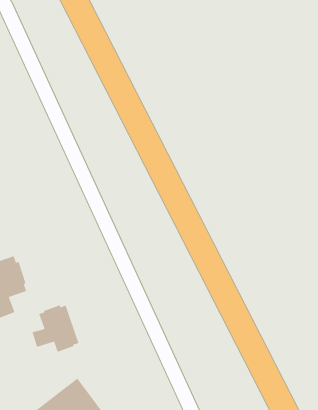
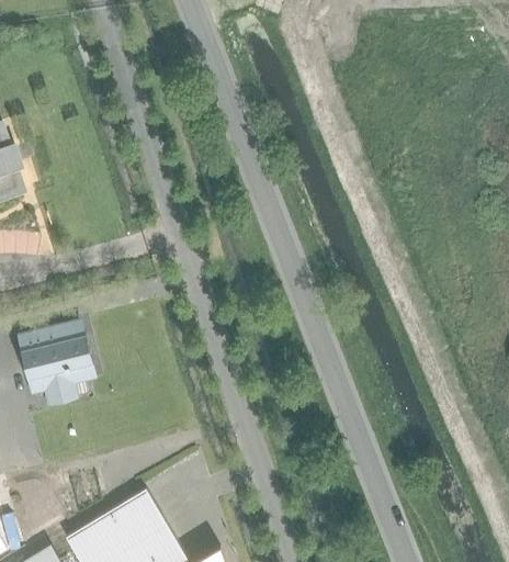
building: [32,304,79,353] -> none

